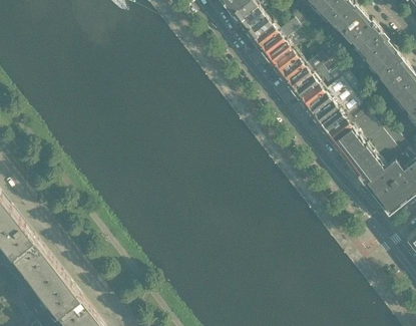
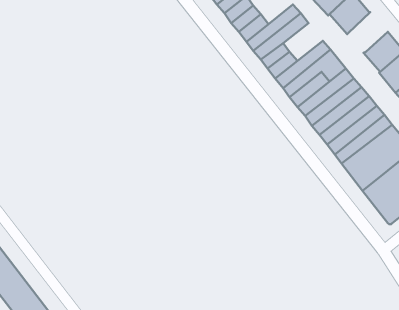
building: [351,22,388,59] -> none

